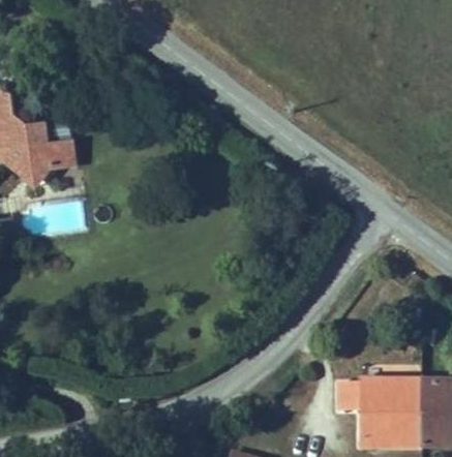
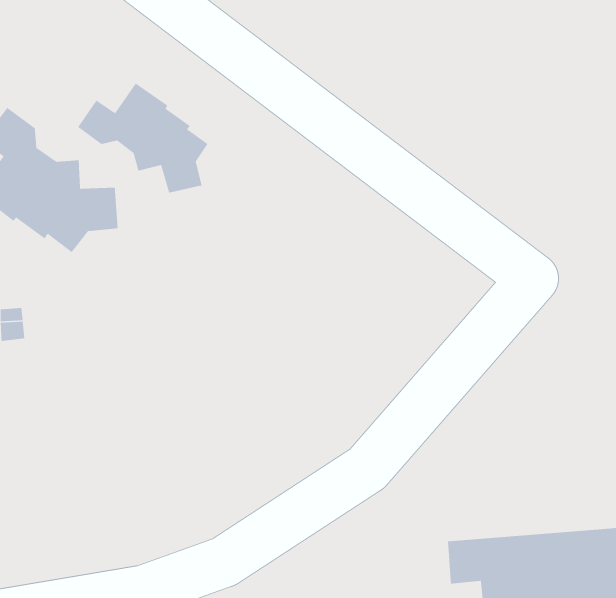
building: none -> [77,83,209,193]

